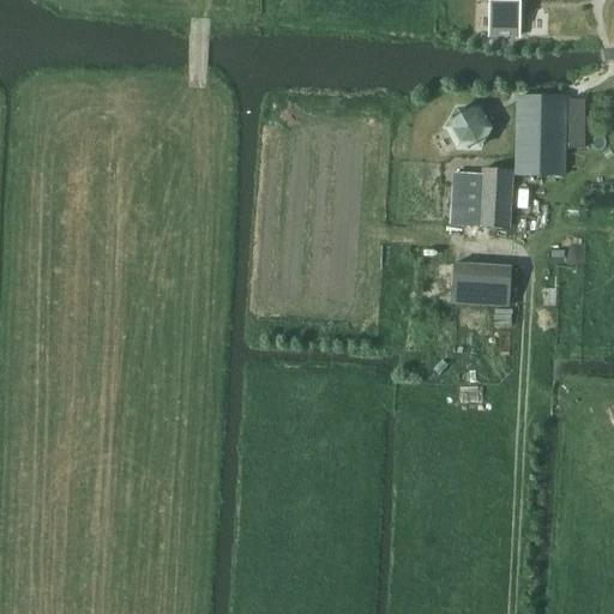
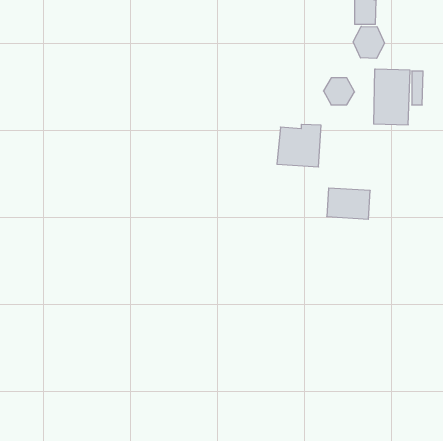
building: none -> [353,26,384,58]
building: [451,168,512,227] -> [277,124,321,167]

